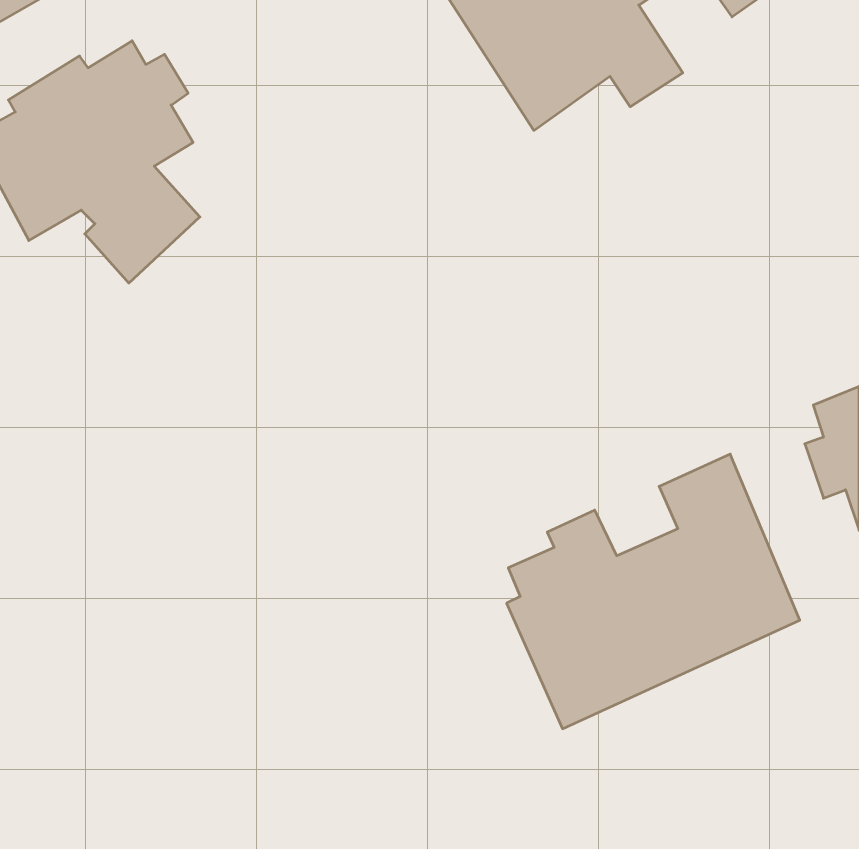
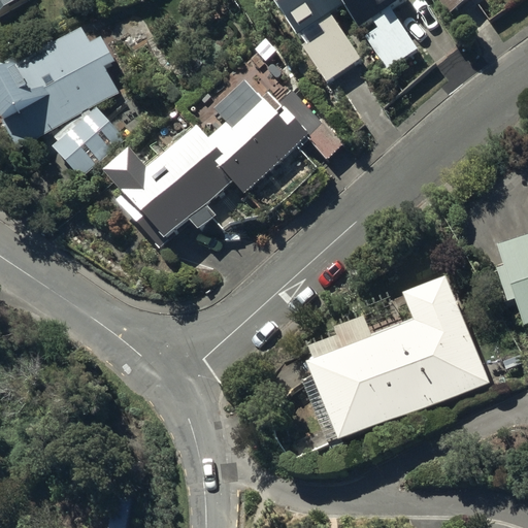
building: none -> [105,81,344,239]

